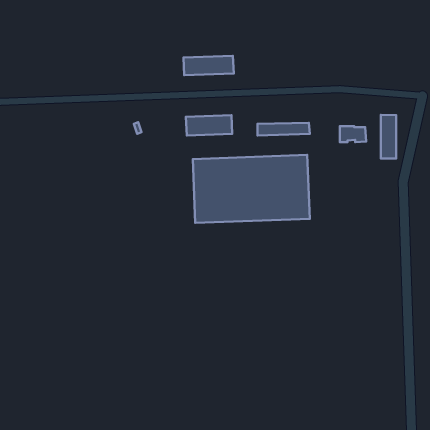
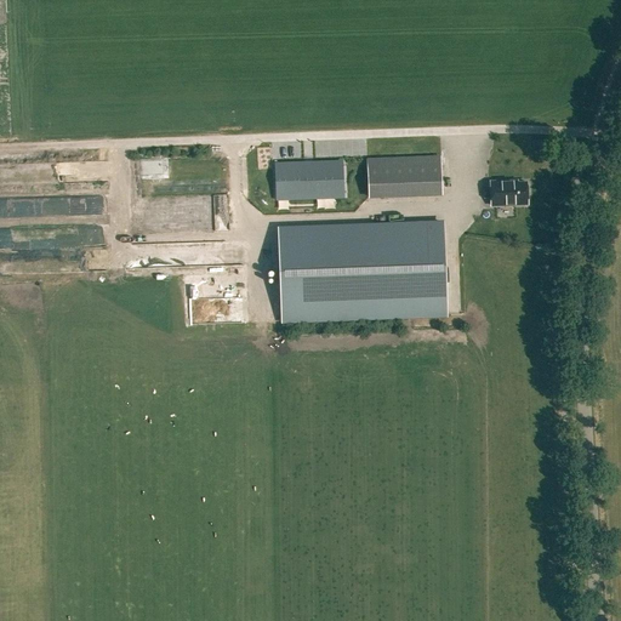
building: [183,56,234,75] -> [371,150,444,178]
building: [381,115,396,159] -> none

